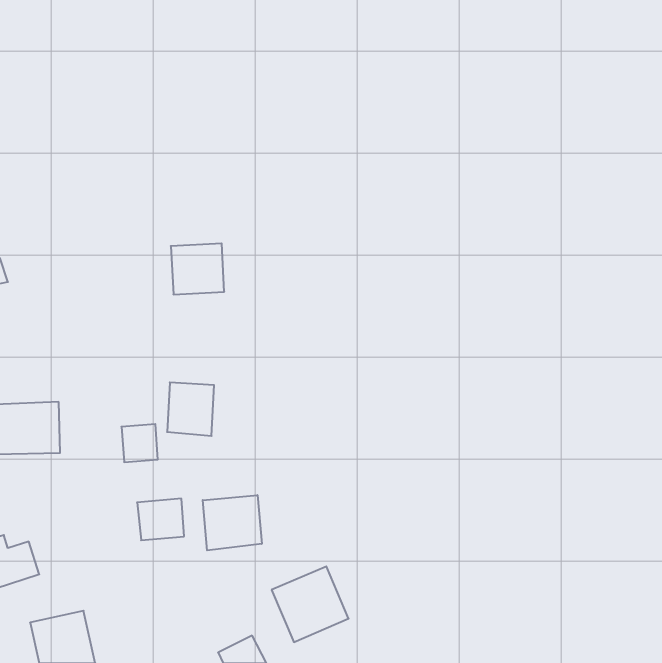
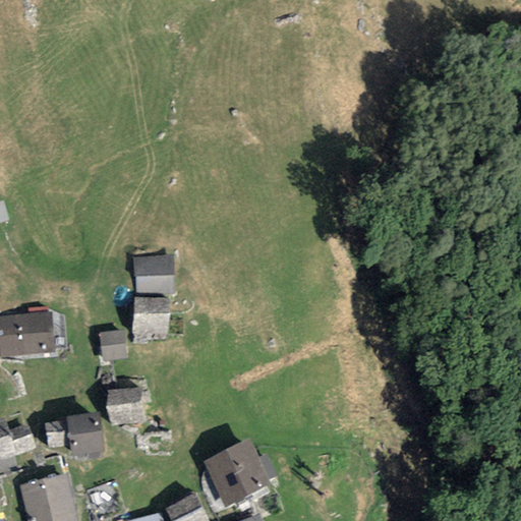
building: [171,243,224,294] -> [129,255,171,295]
building: [203,495,262,550] -> none
building: none -> [47,417,103,453]

